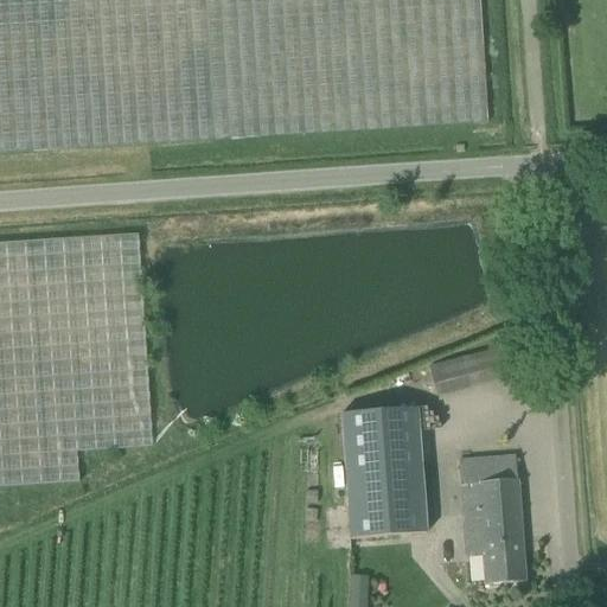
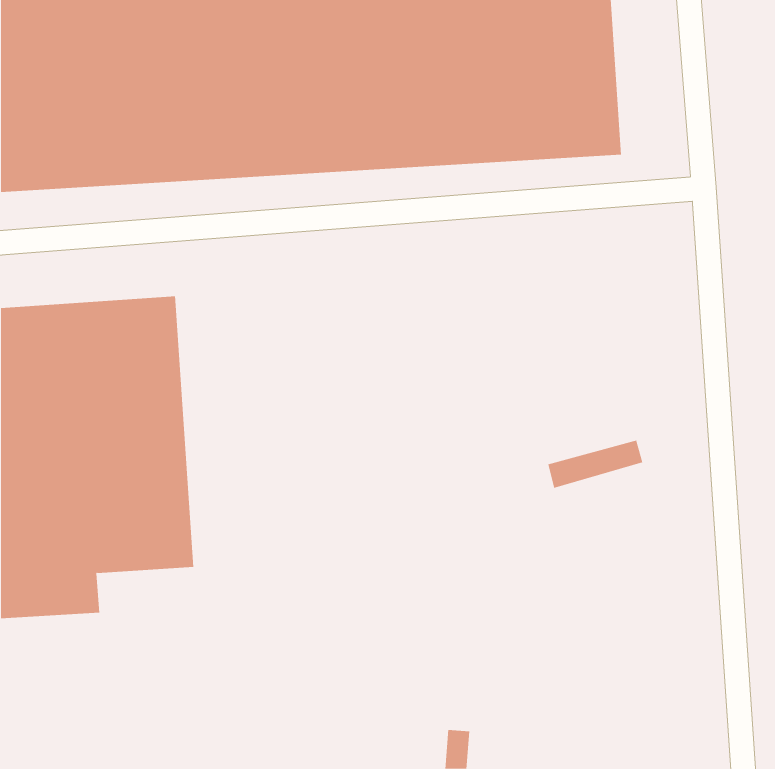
building: [340,405,424,537] -> none
building: [458,454,524,583] -> none

